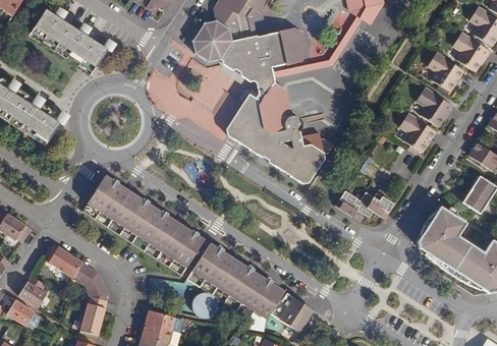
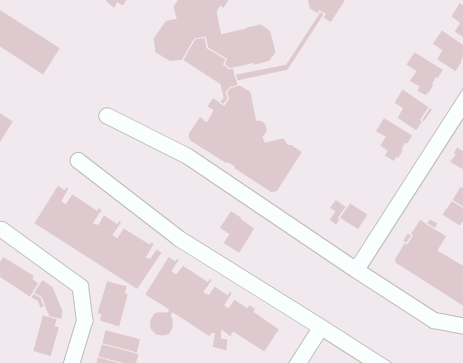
building: [336,188,363,215] -> none
building: none -> [219,210,255,254]
building: none -> [97,281,128,327]

